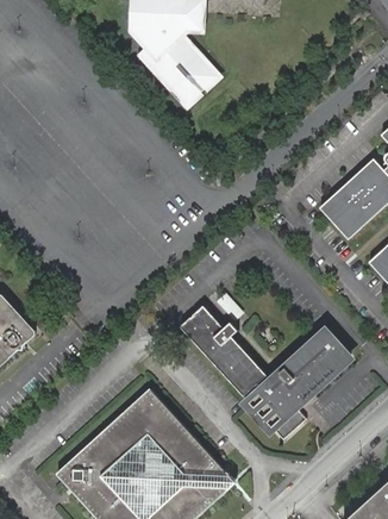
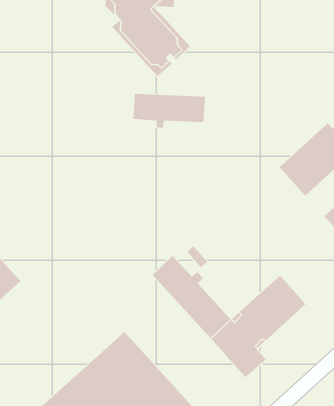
building: none -> [133,93,205,128]

